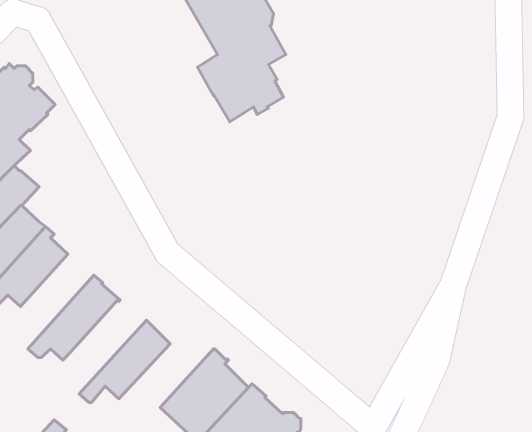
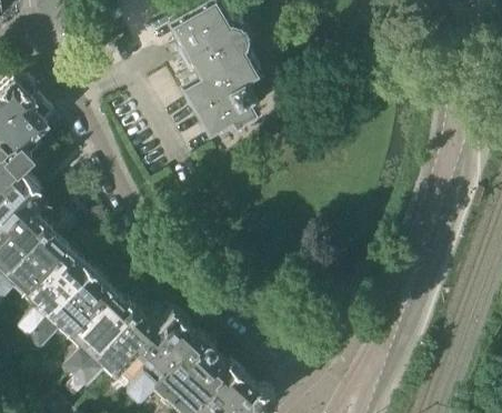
building: none -> [19,248,88,333]
building: none -> [63,290,134,373]
building: none -> [110,311,194,394]

